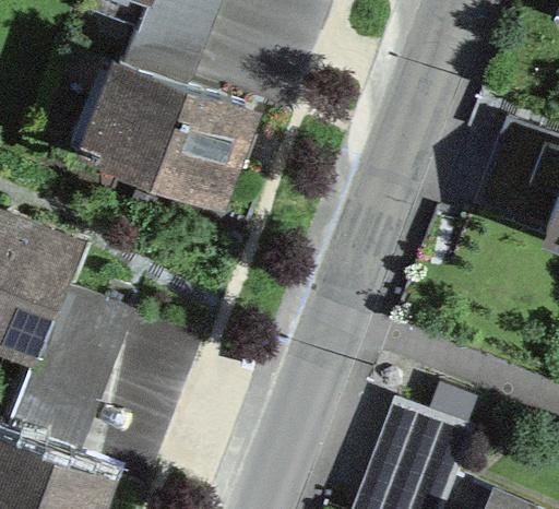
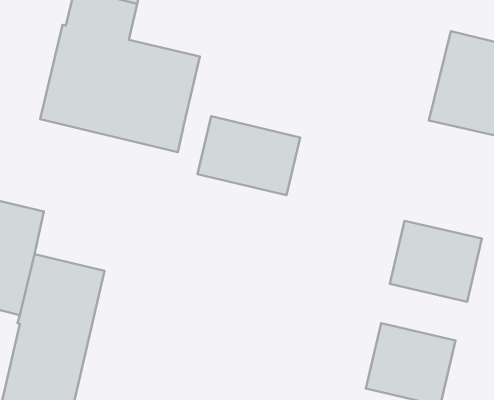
building: none -> [197,116,300,195]
building: none -> [390,221,482,302]

